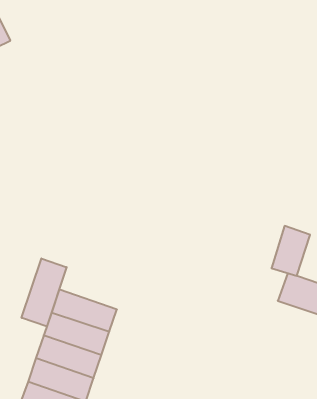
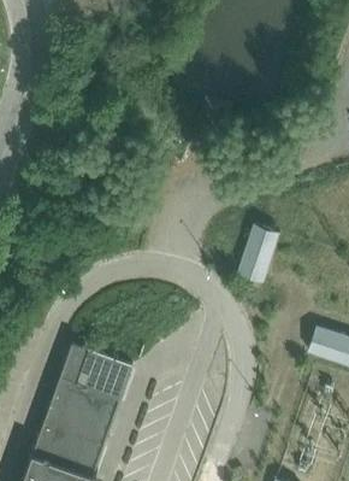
building: [271,226,310,276] -> [238,222,280,276]
building: [22,258,67,327] -> none

